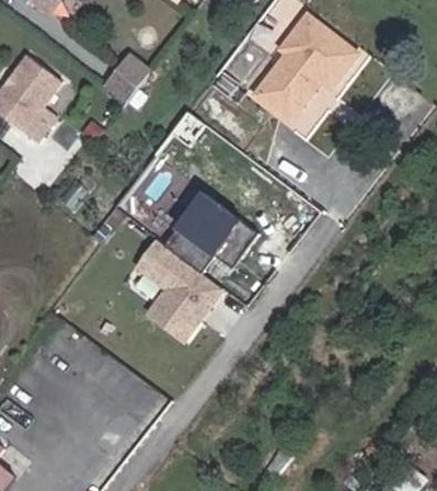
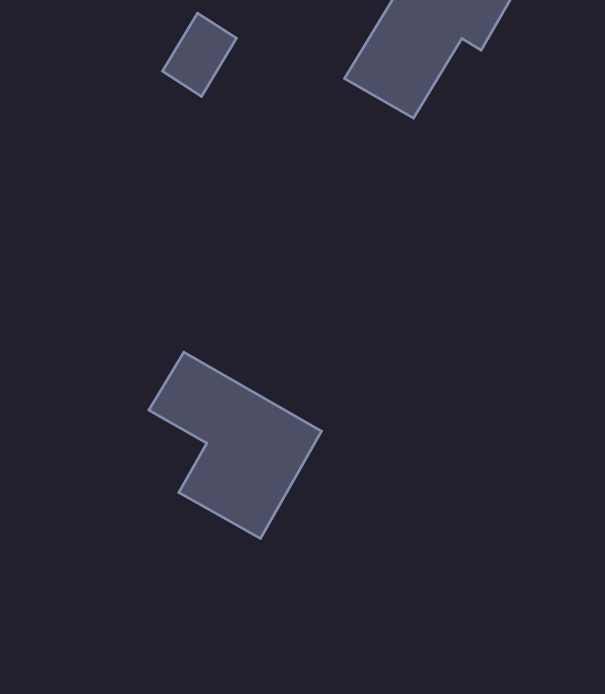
building: [106,58,149,104] -> [162,13,236,97]
building: [160,190,257,272] -> none

